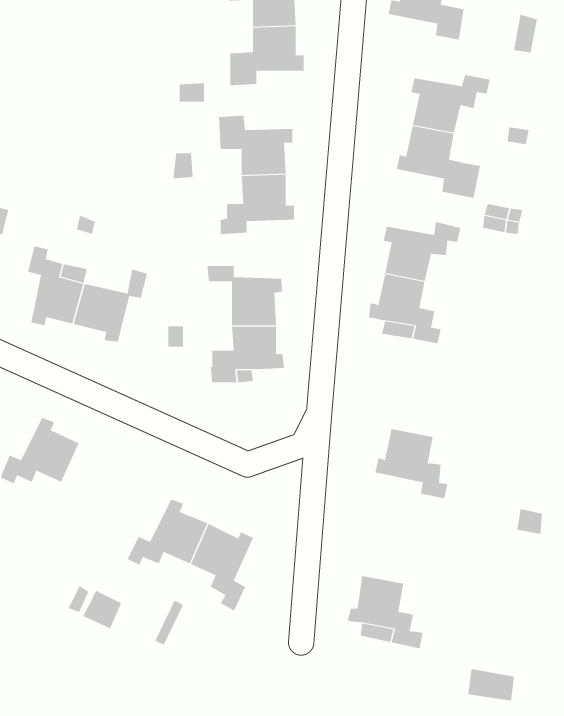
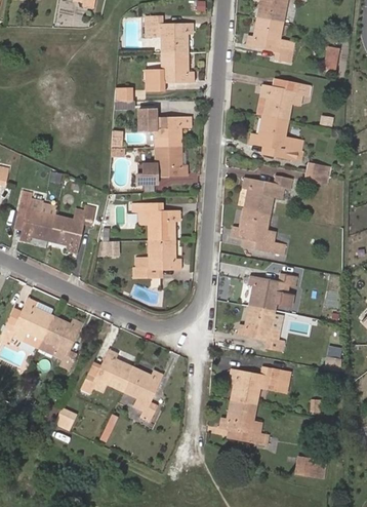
building: none -> [247,274,295,311]
building: none -> [40,315,80,368]
building: none -> [221,367,288,403]

